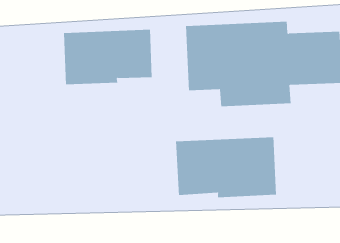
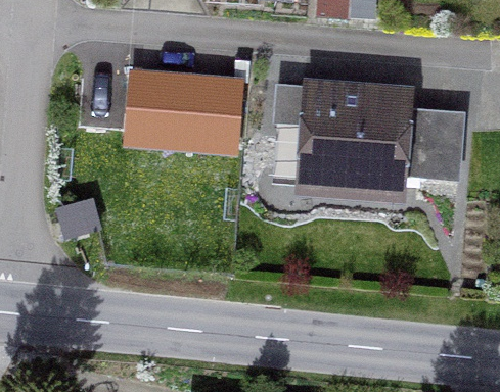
building: [176,136,277,198] -> none

